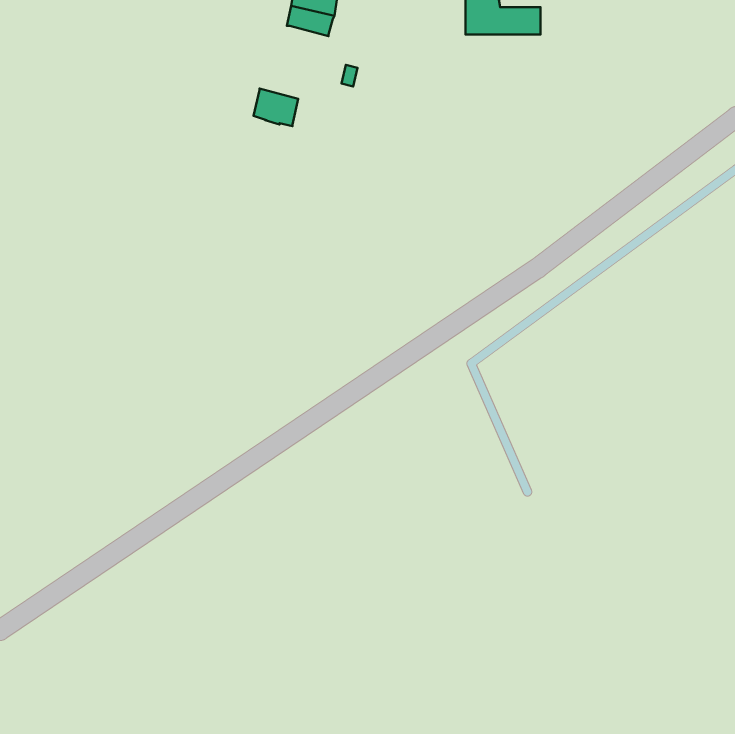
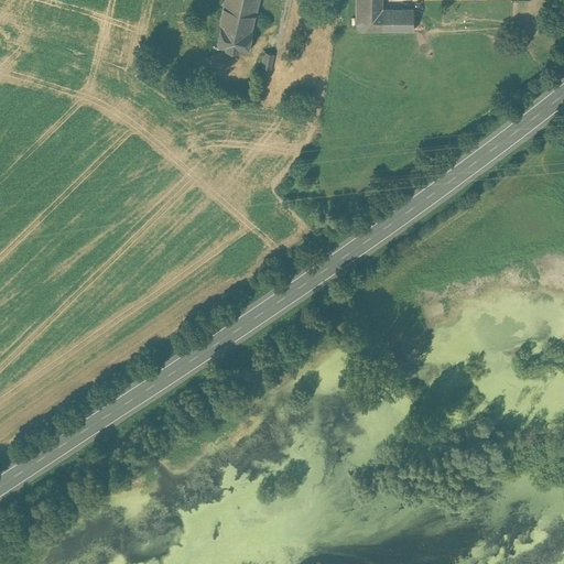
building: [254,89,298,126] -> [218,20,252,48]

